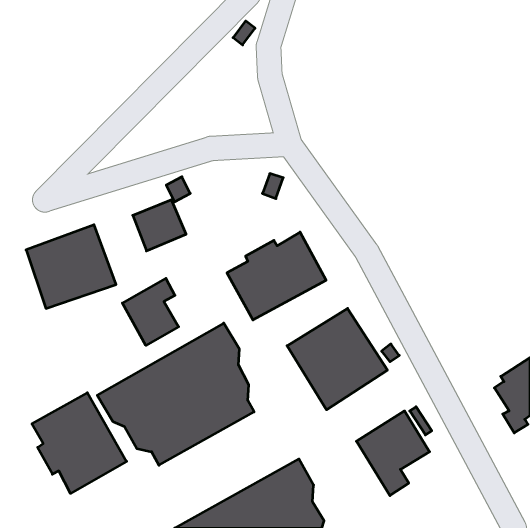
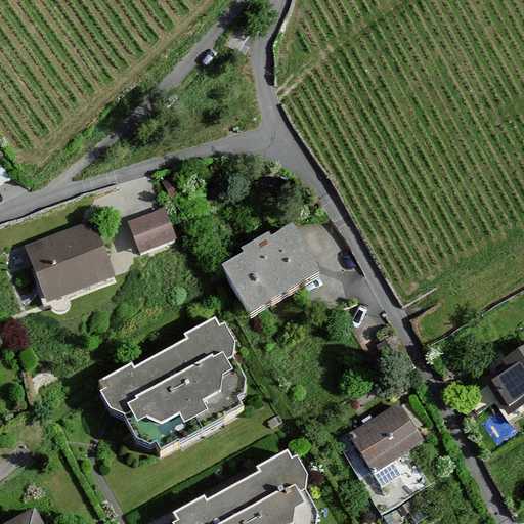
building: [122,278,179,345] -> none
building: [287,308,387,410] -> none
building: [32,393,127,493] -> none

